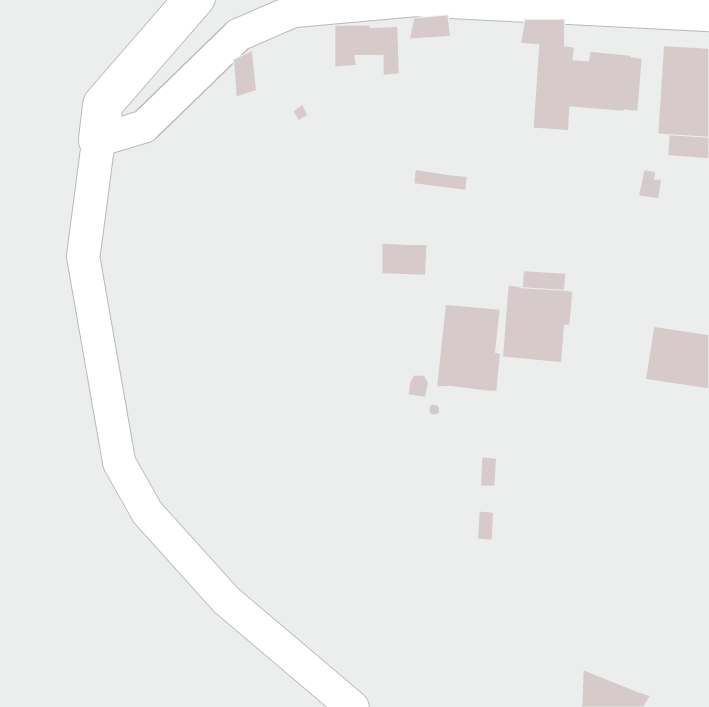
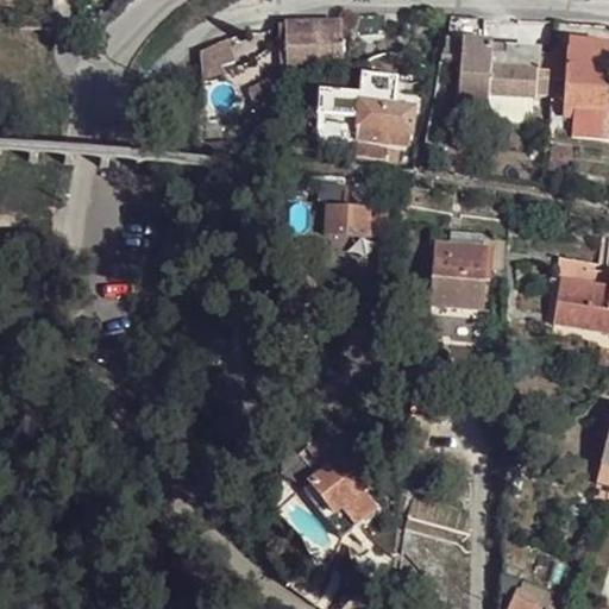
building: none -> [316,75,414,144]
building: [437,304,501,392] -> none
building: none -> [303,457,376,525]

